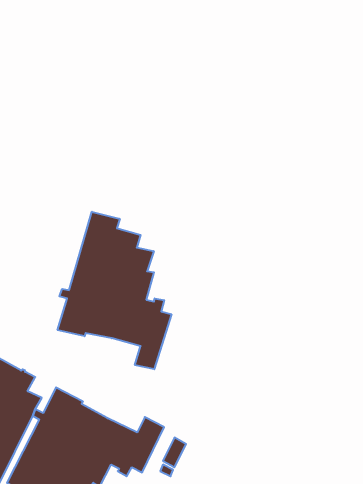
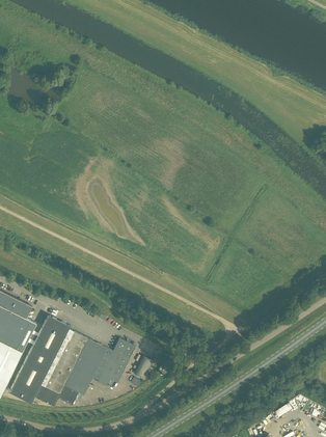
building: [58,212,171,369] -> none

